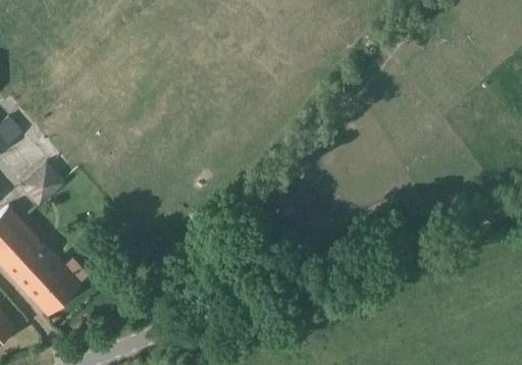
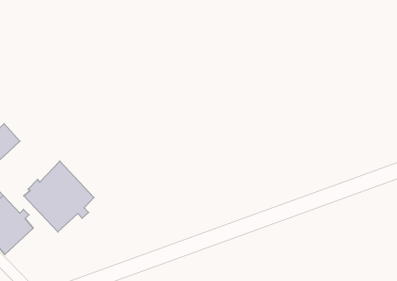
building: none -> [24,161,94,232]

